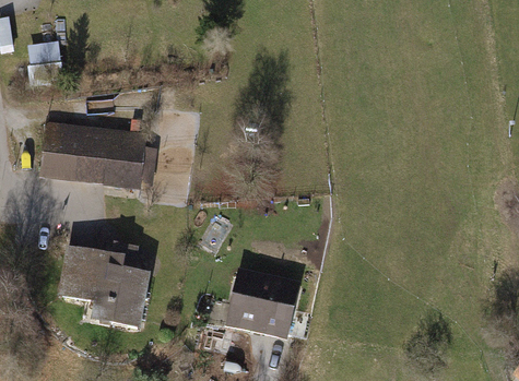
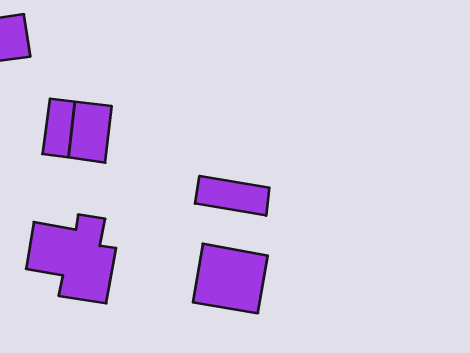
building: [37,119,82,179] -> none
building: none -> [195,176,269,216]

